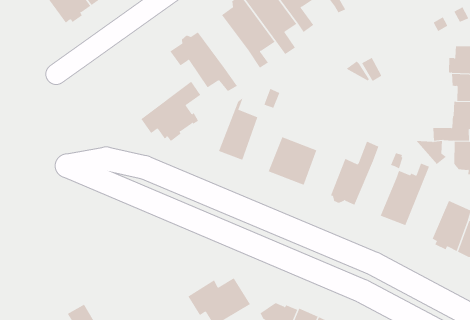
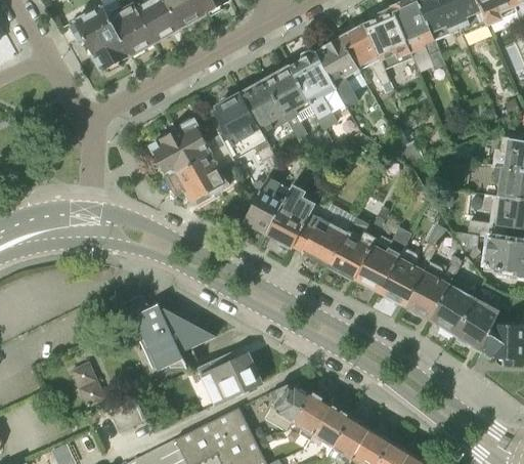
building: none -> [237,76,287,134]
building: none -> [149,119,225,178]
building: none -> [269,184,318,248]
building: none -> [330,210,389,279]
building: none -> [380,248,425,305]
building: none -> [430,279,477,337]
building: none -> [111,294,216,369]

